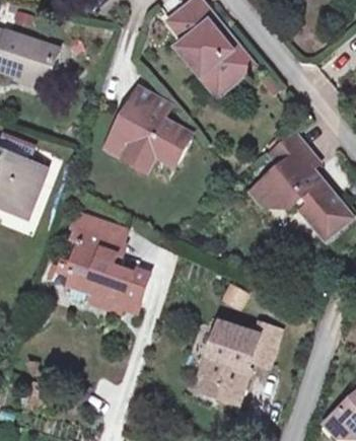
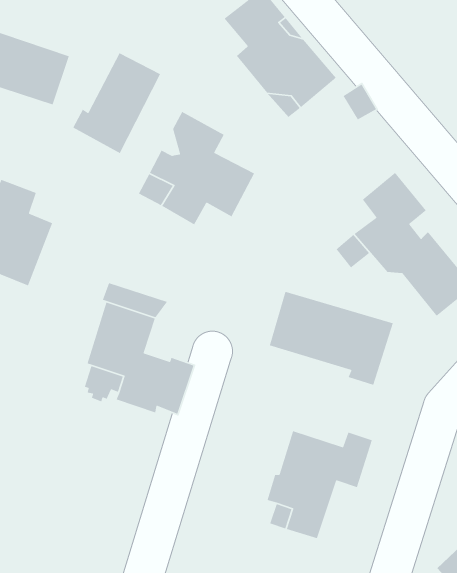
building: none -> [72,52,161,154]
building: none -> [269,291,394,386]

